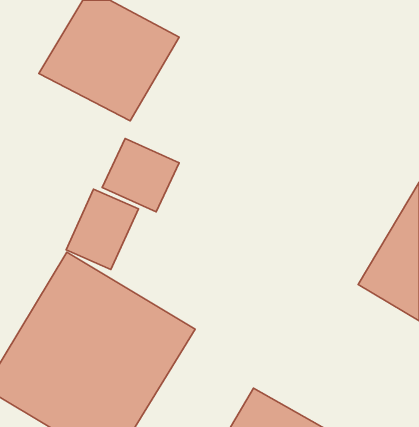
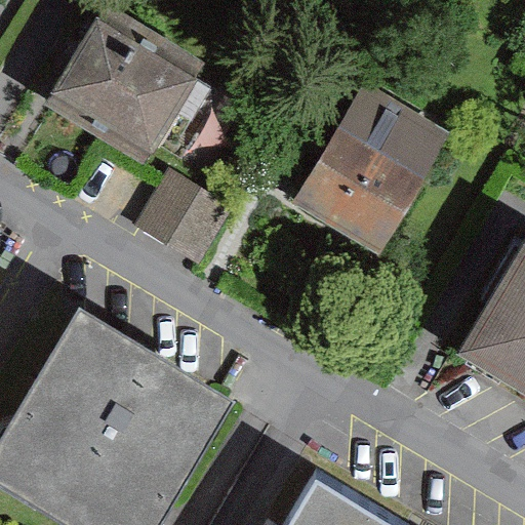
building: none -> [301,81,453,243]
building: [66,189,138,269] -> none

